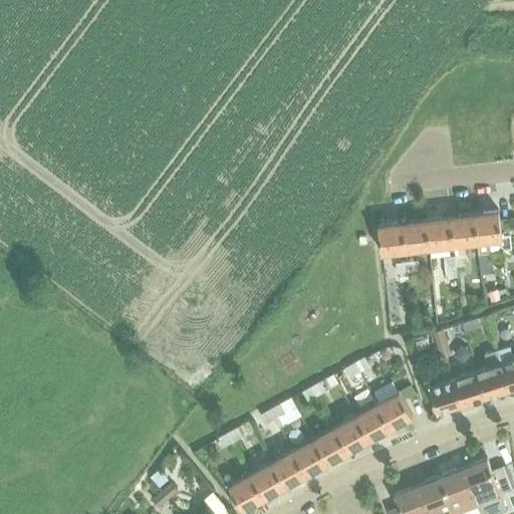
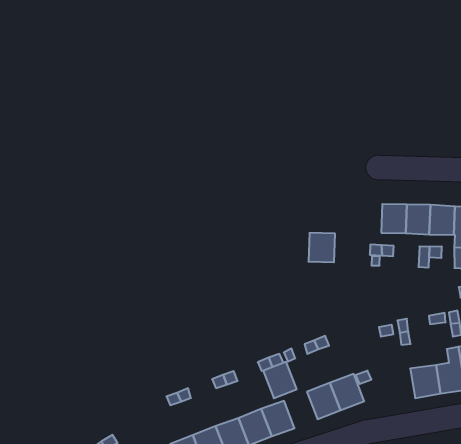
building: [377,224,406,255] -> [308,233,335,262]
building: [428,380,462,416] -> none
building: [334,418,369,455] -> [263,362,297,398]

